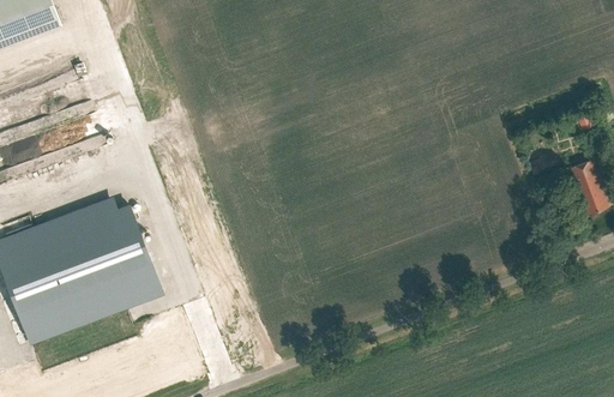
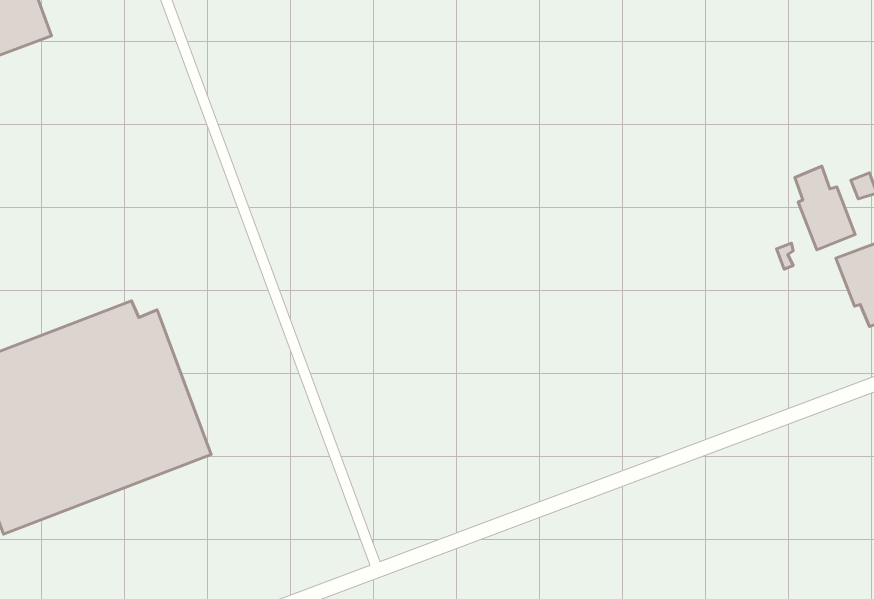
building: none -> [795,166,855,250]

